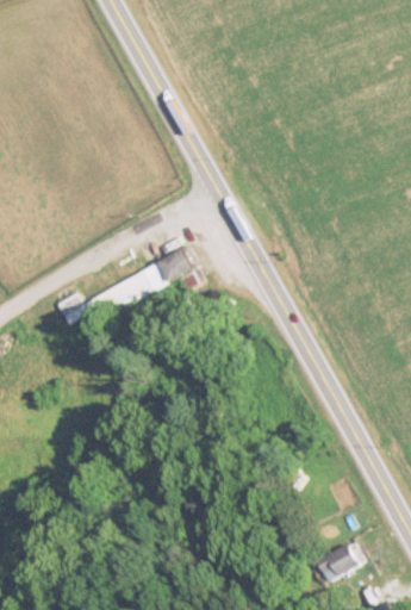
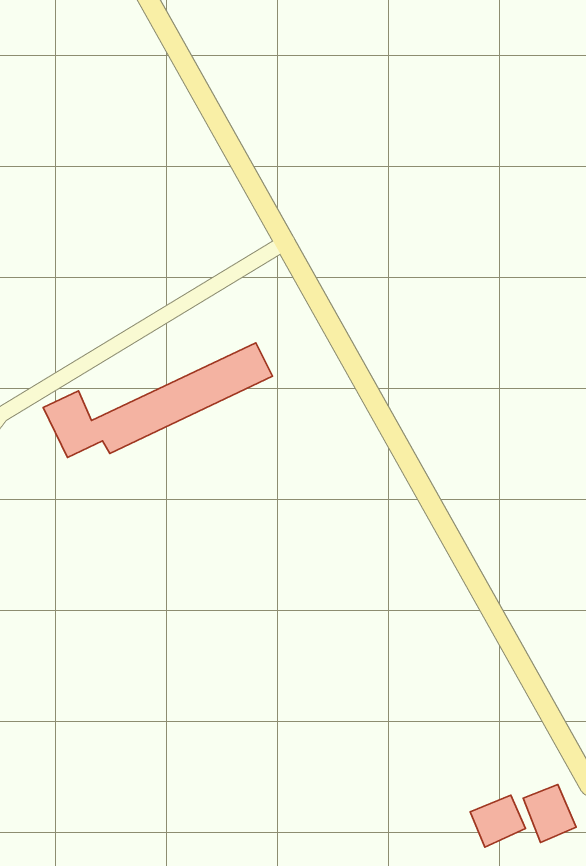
building: none -> [523,785,576,842]

